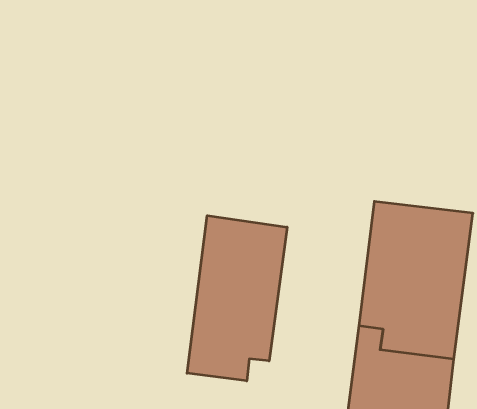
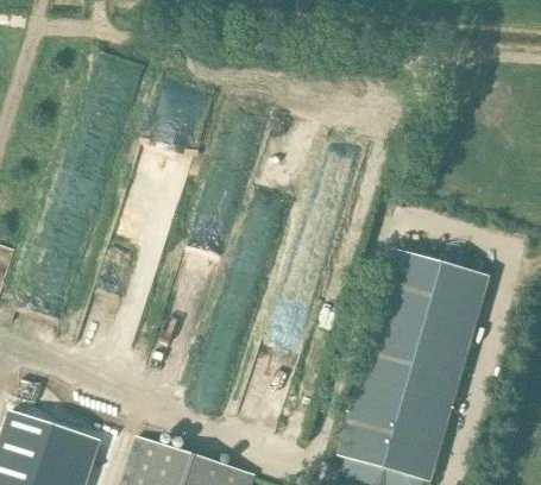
building: [187,216,287,381] -> none

